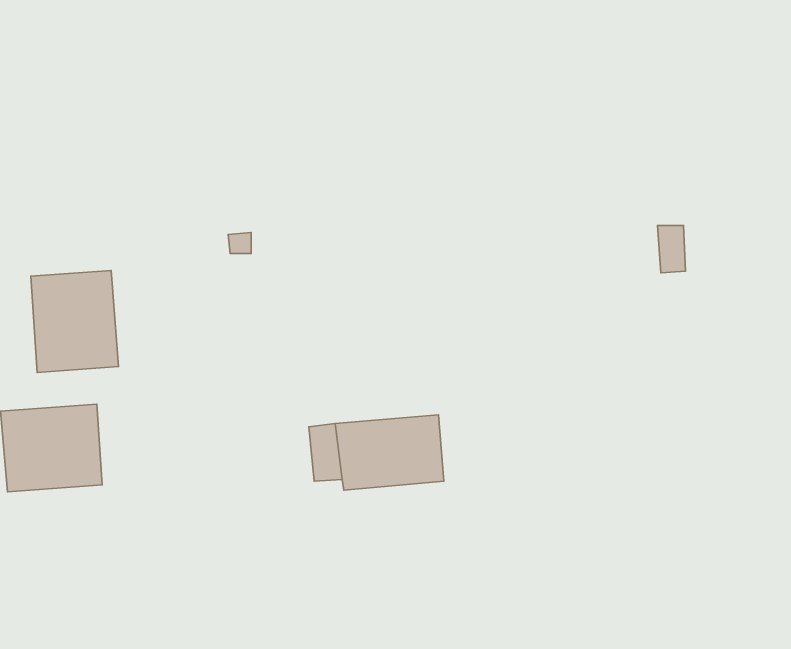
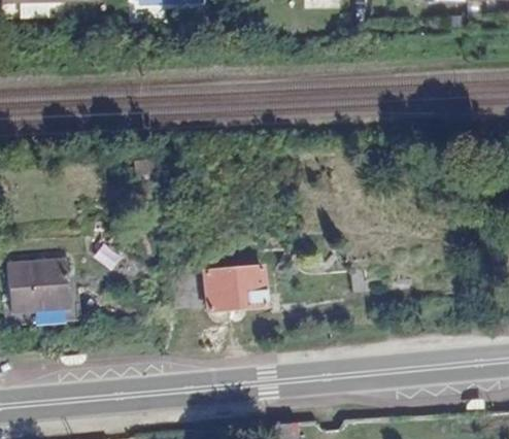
building: [31,270,119,372] -> none

